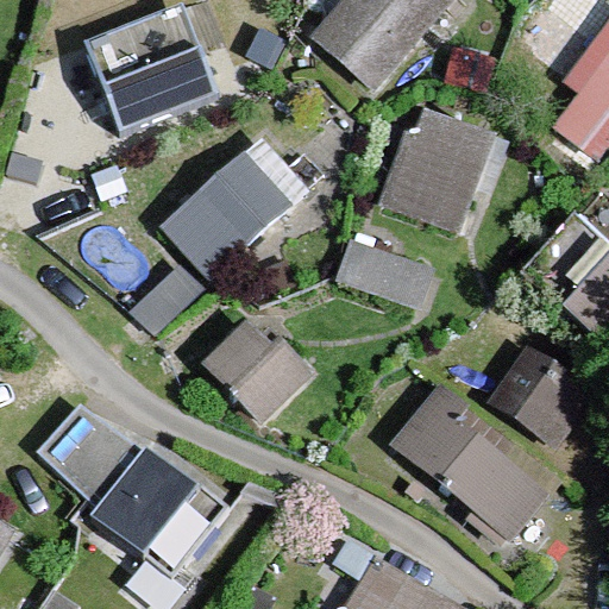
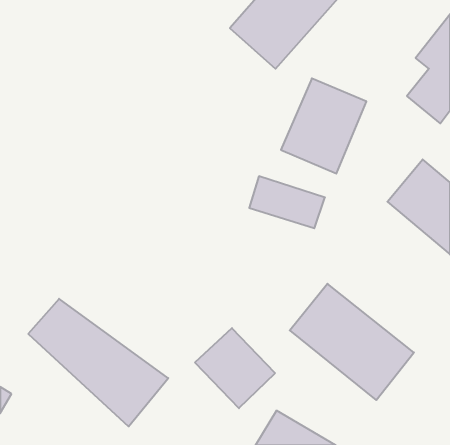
building: [86,6,215,128] -> none
building: [159,137,310,283] -> none
building: [202,318,310,426] -> [195,328,275,408]
building: [484,344,597,454] -> none

